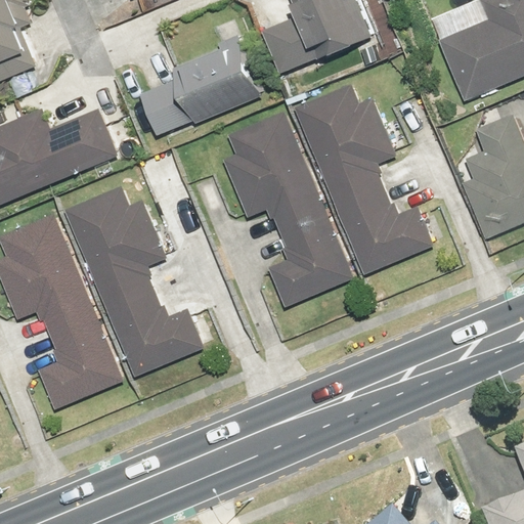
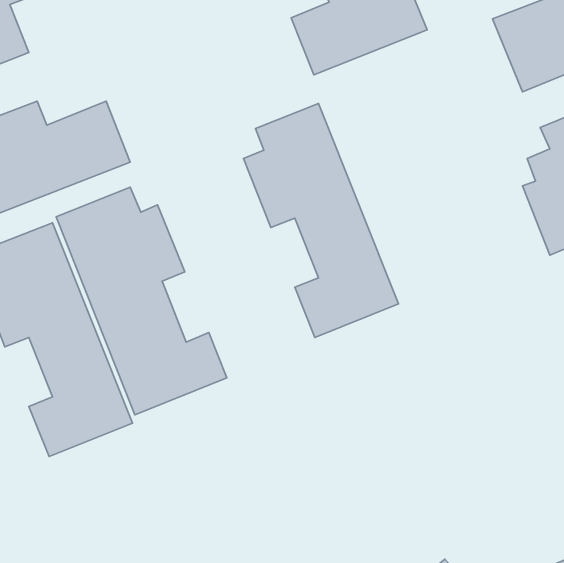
building: [137,42,262,137] -> none
building: [290,81,437,276] -> none

